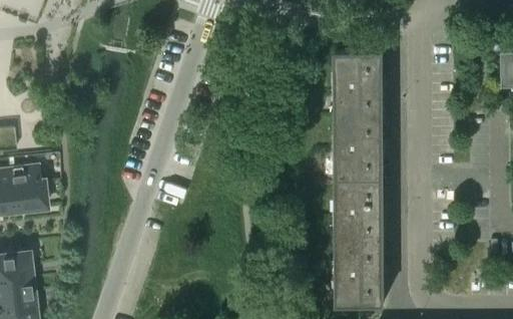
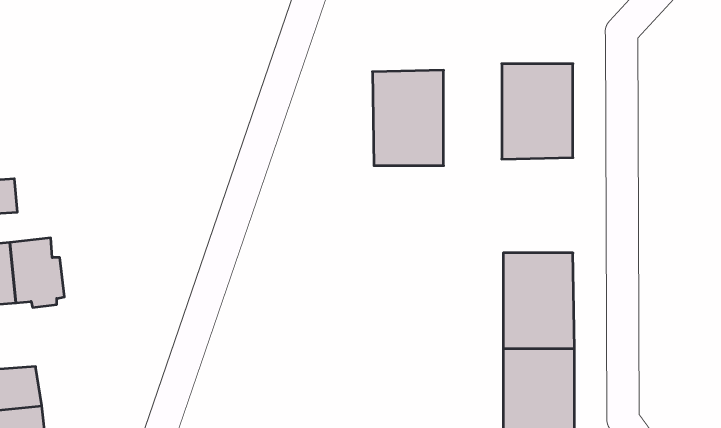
building: [335,115,382,179] -> [372,70,444,166]

